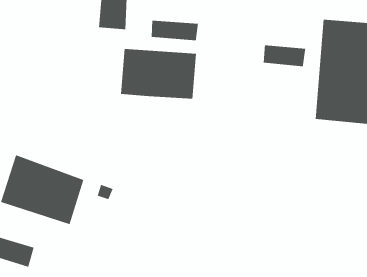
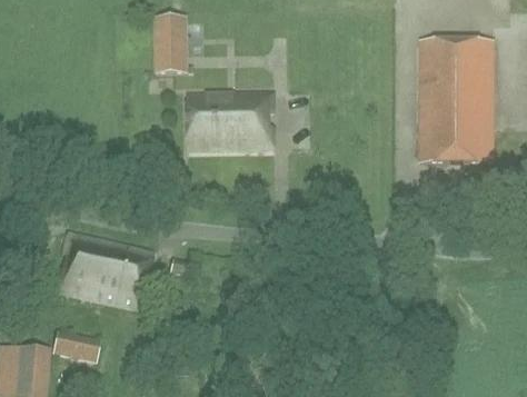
building: [151,20,199,41] -> none
building: [263,45,306,67] -> none

